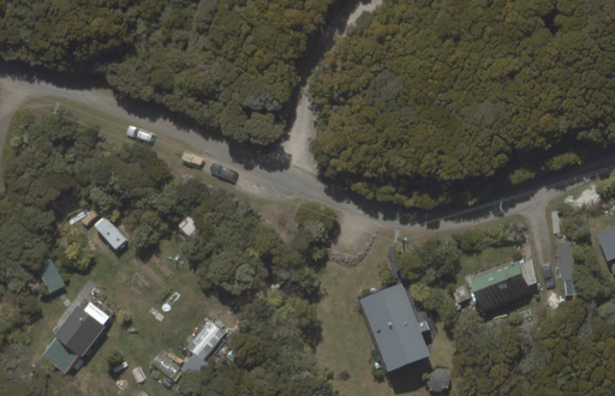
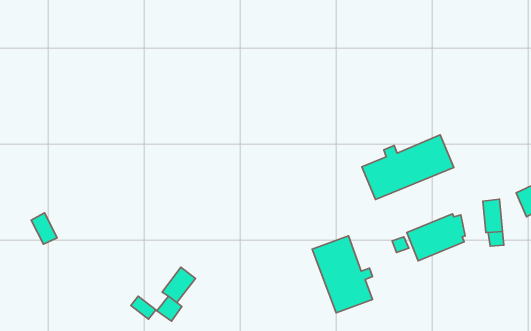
building: none -> [362,135,454,200]
building: [42,296,113,373] -> none

